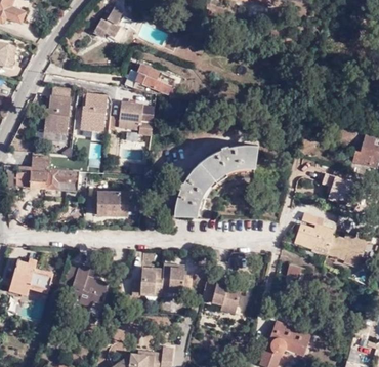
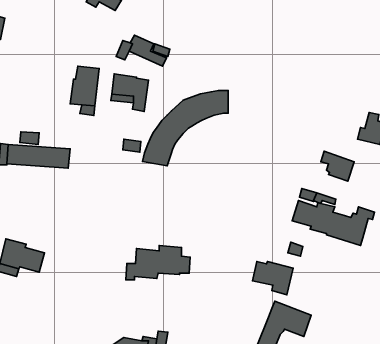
building: [46,86,72,134] -> none
building: [171,146,253,217] -> [143,91,228,166]
building: [96,190,129,214] -> none
building: [65,263,109,308] -> none
building: [203,282,242,314] -> [253,262,293,295]

